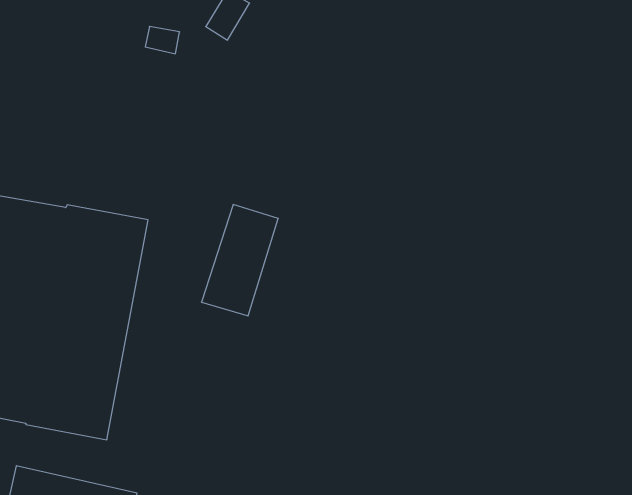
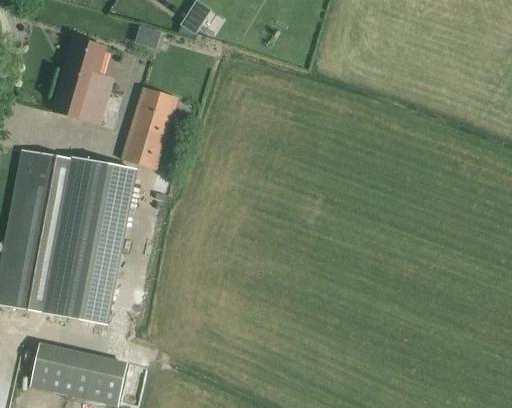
building: none -> [53,38,111,123]
building: [201,205,278,316] -> [120,87,176,168]

